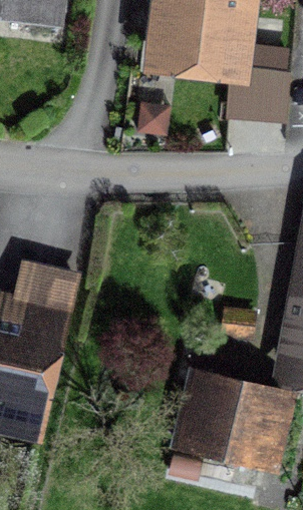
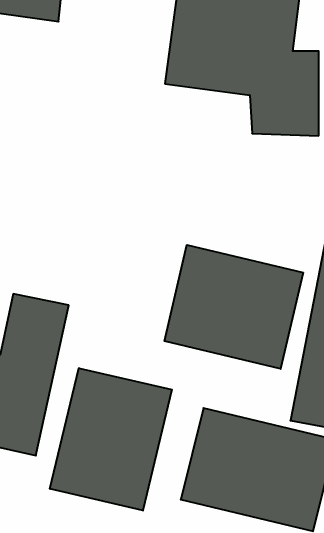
building: none -> [164,245,303,369]
building: none -> [50,368,172,511]

